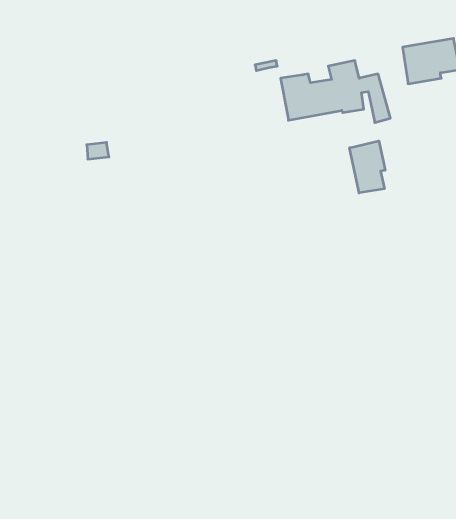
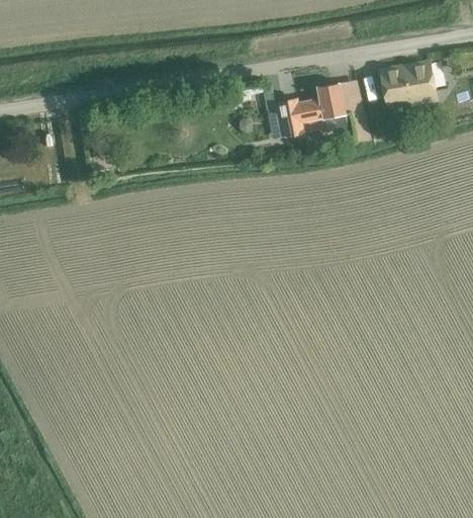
building: [350,141,385,193] -> none

